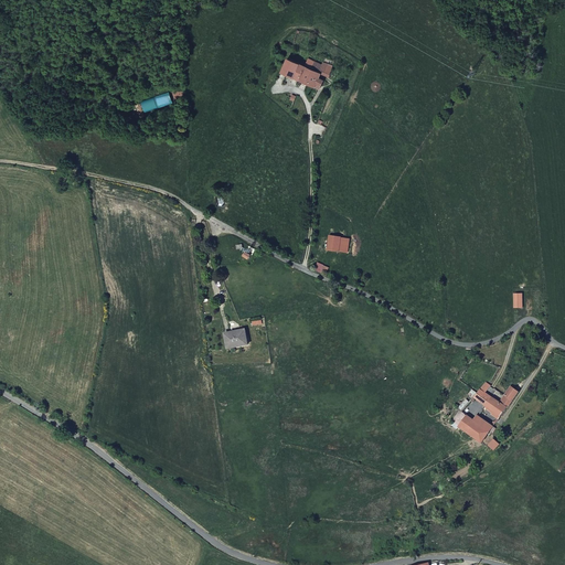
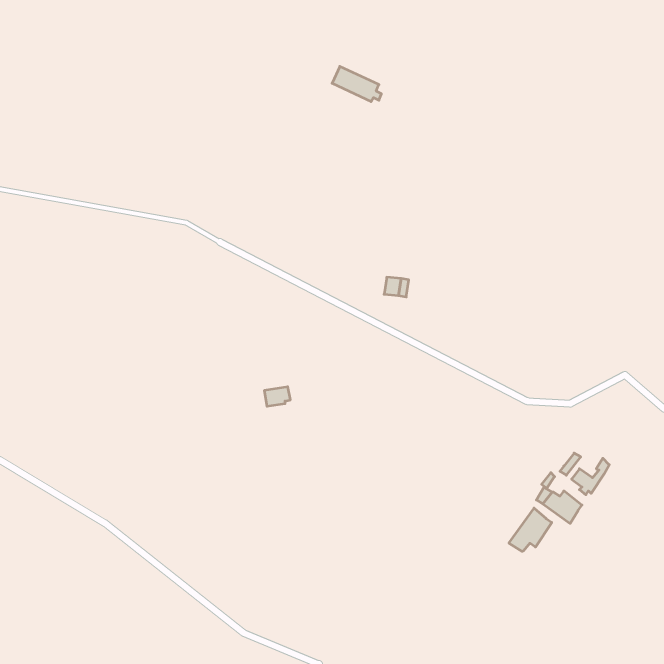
building: none -> [509,508,552,551]

